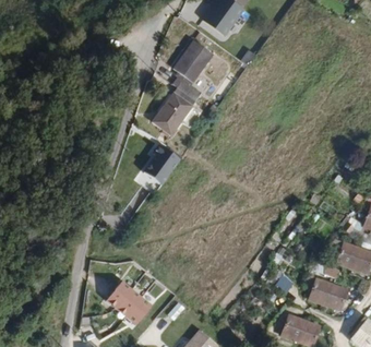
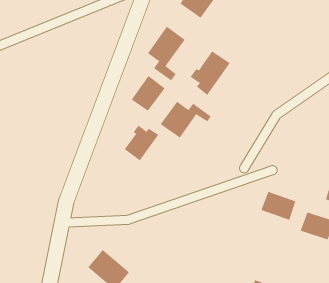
building: none -> [190,51,230,96]
building: none -> [160,101,212,138]
building: [307,276,345,308] -> [261,191,296,220]

